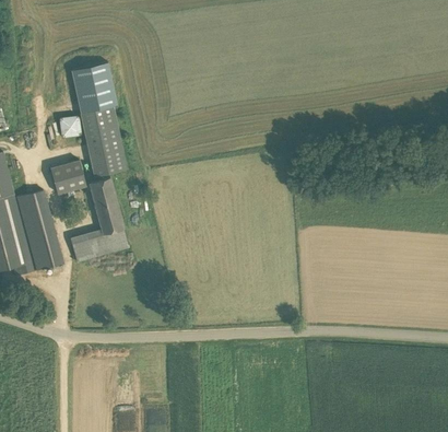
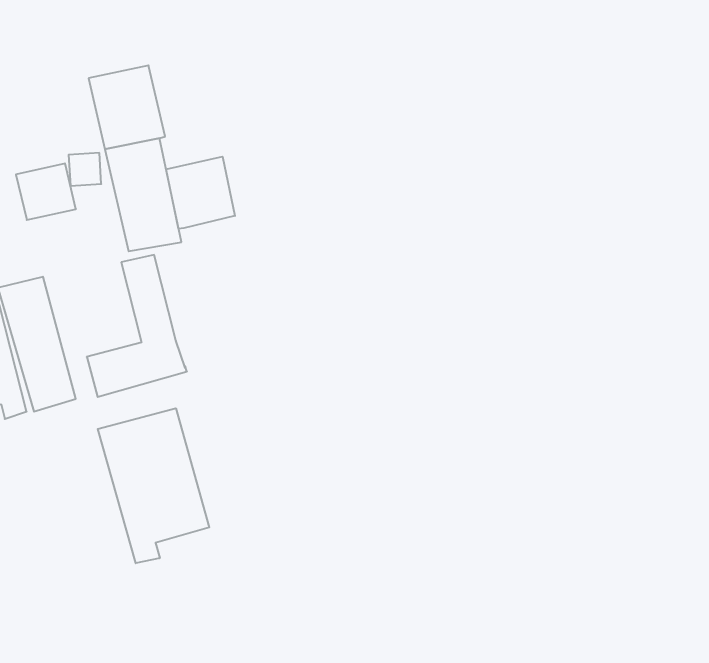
building: none -> [166,157,235,229]
building: [47,159,83,192] -> [16,163,76,220]
building: none -> [98,408,209,563]

